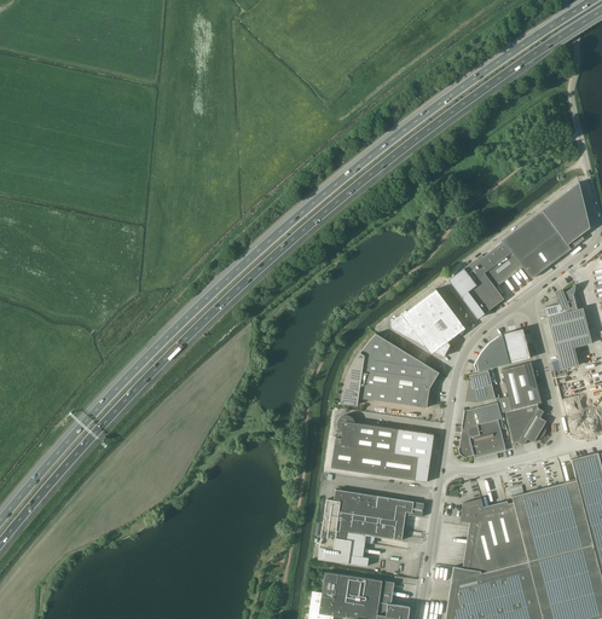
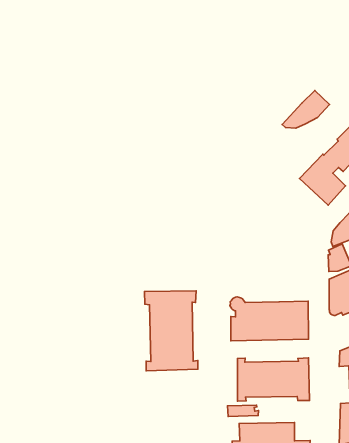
building: none -> [282,90,330,128]
building: [390,289,465,357] -> none
building: [345,334,440,407] -> none
building: none -> [144,291,198,371]

